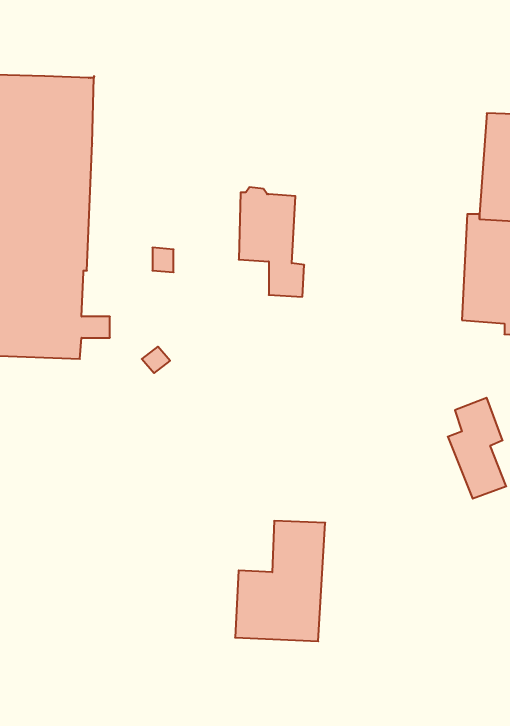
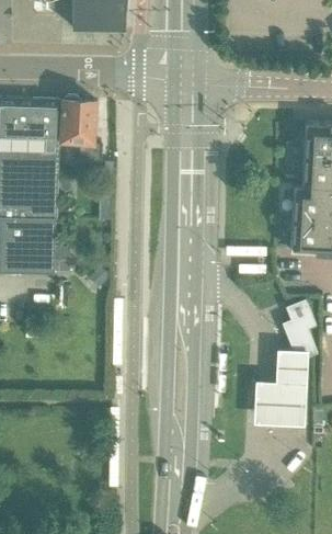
building: [239,187,304,297] -> [61,96,102,164]
building: [235,521,325,641] -> [252,350,308,424]

